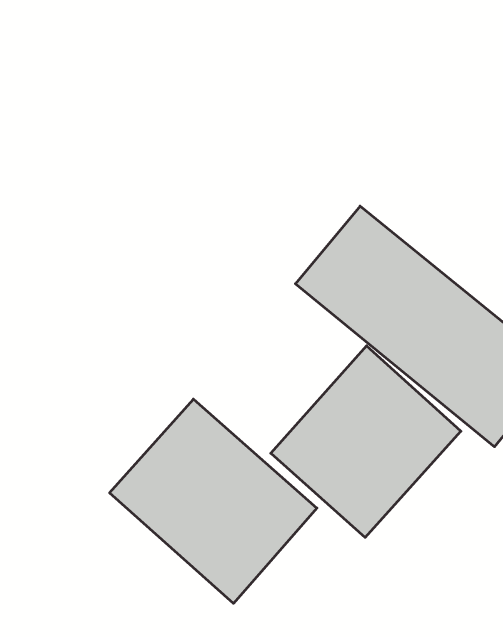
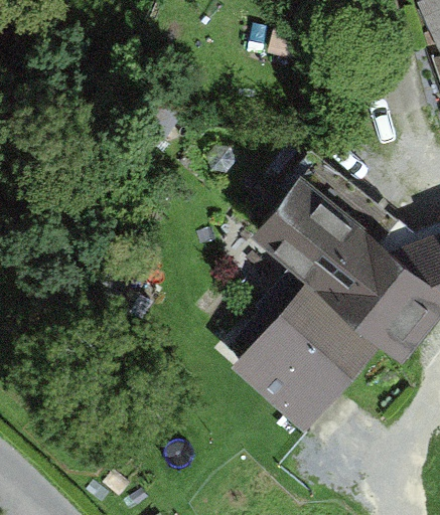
building: [110,399,317,603] -> none

